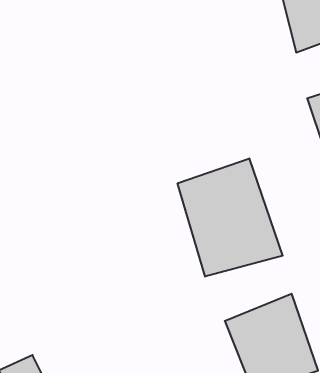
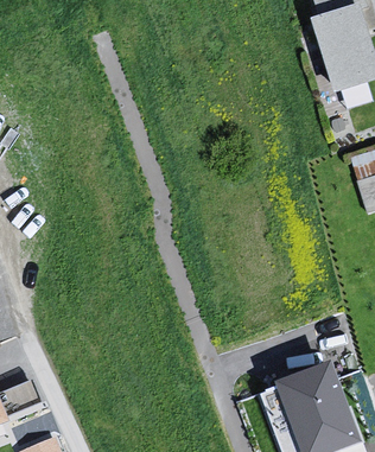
building: [178,158,283,277] -> none

